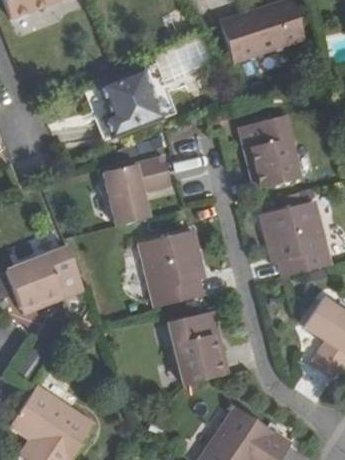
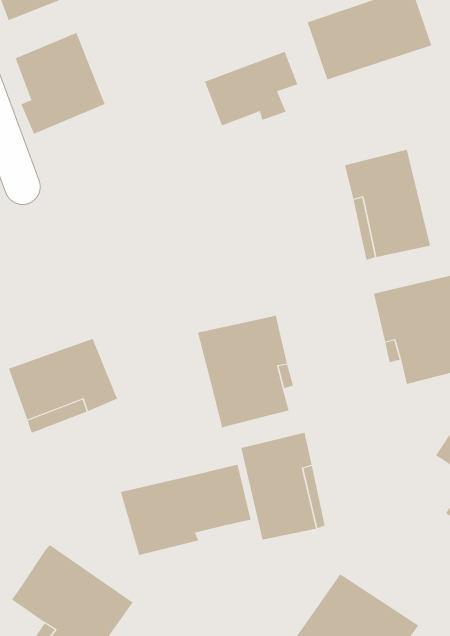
building: [97,72,160,143] -> [15,32,106,134]
building: [105,155,173,223] -> none
building: none -> [120,464,251,556]

